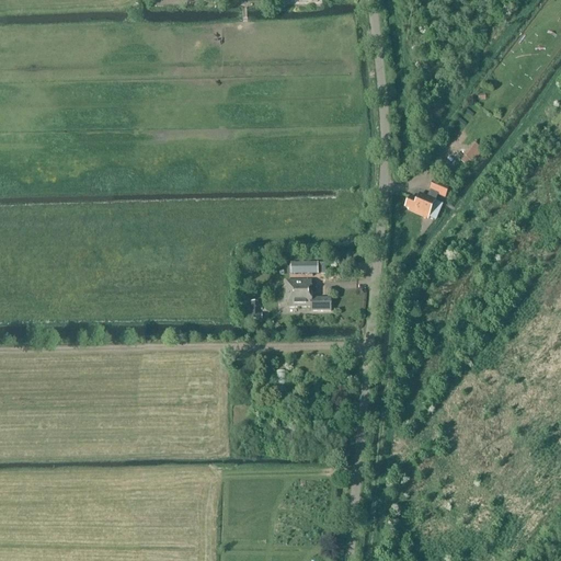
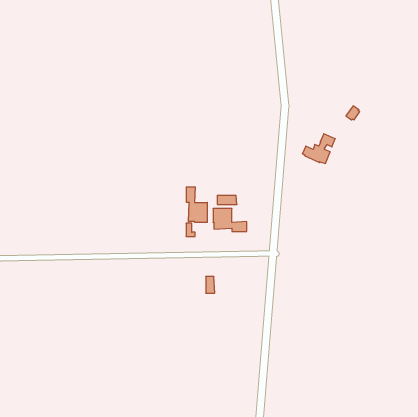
building: none -> [186,187,207,222]

